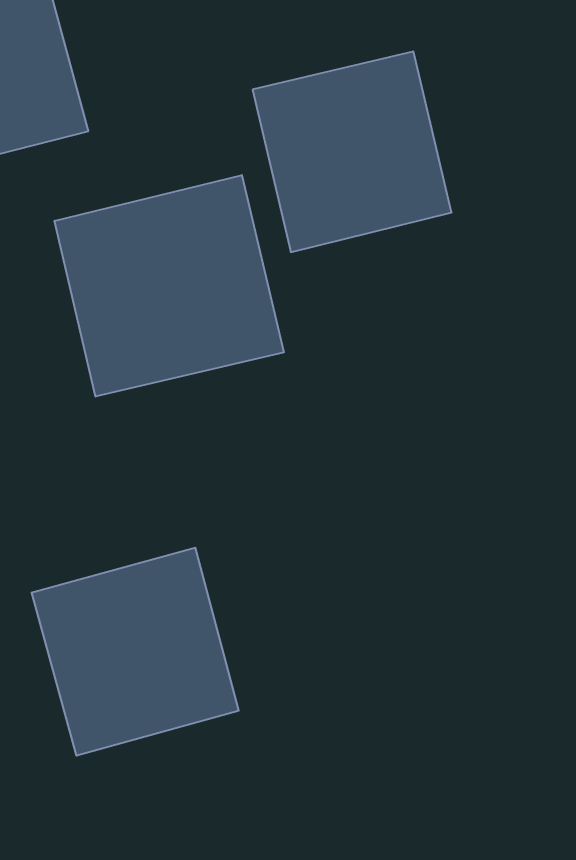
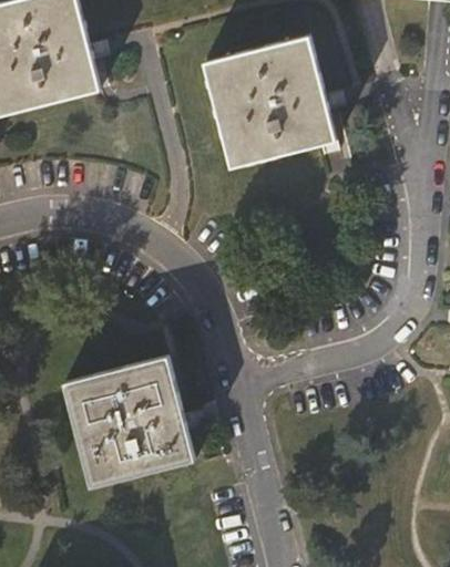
building: [55,175,284,397] -> none

